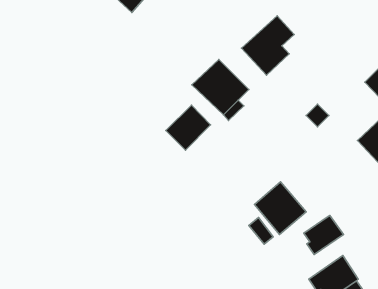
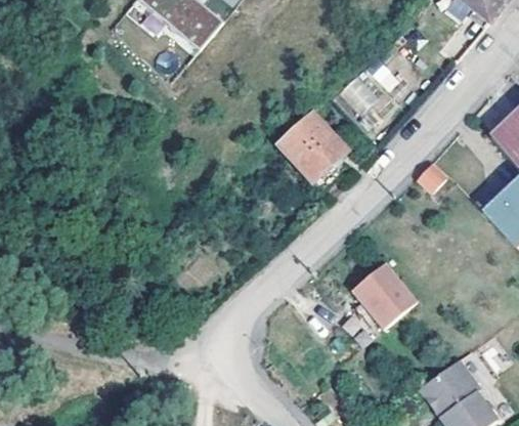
building: [166,105,211,150] -> none
building: [304,216,343,255] -> none

